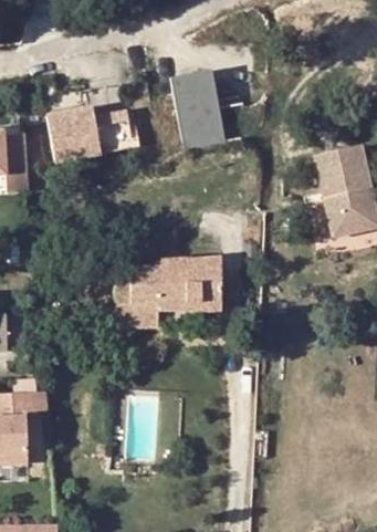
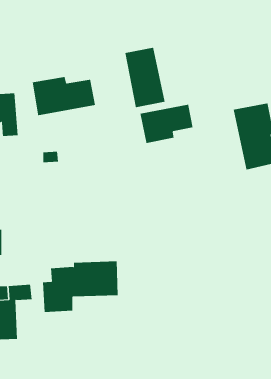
building: none -> [140,104,193,144]
building: [118,260,221,330] -> [42,261,118,313]

